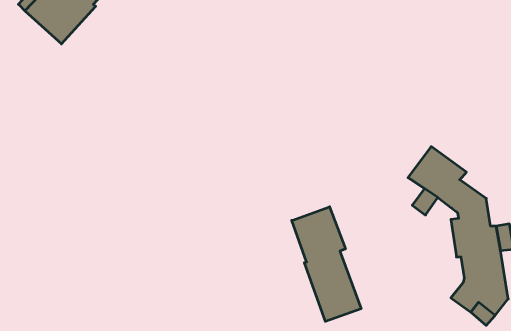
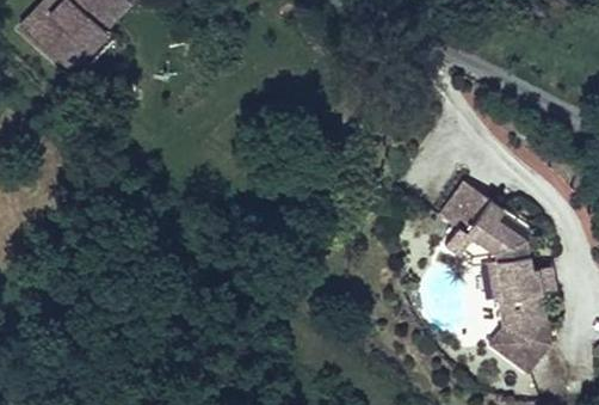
building: [292,207,361,321] -> none

